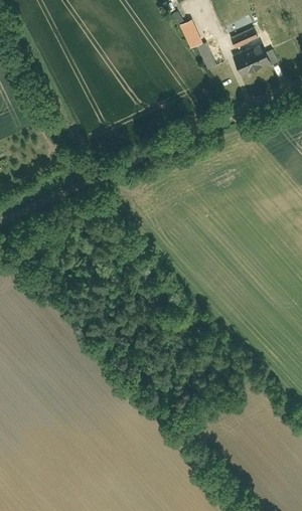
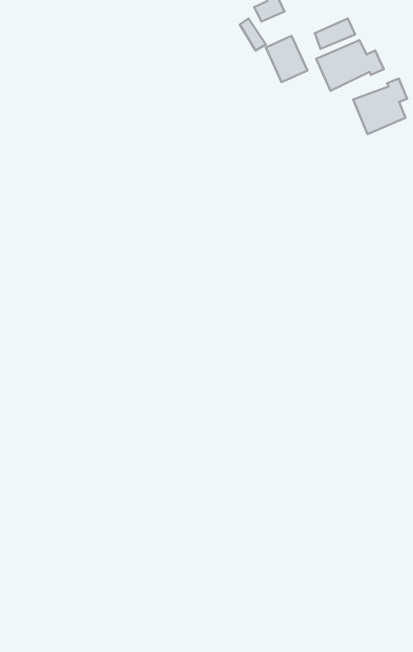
building: none -> [353,78,407,134]

